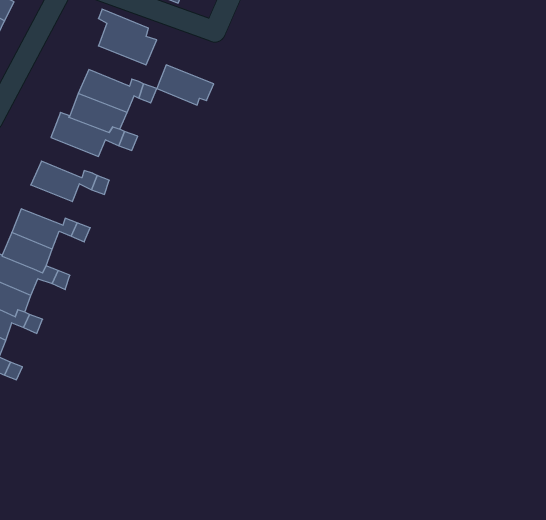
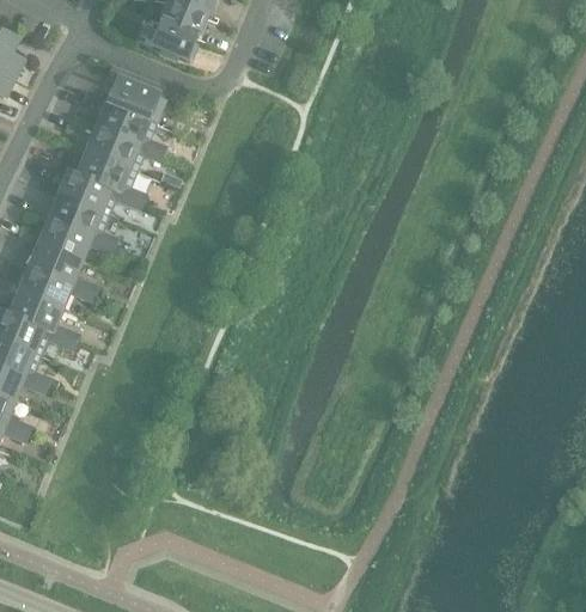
building: [157,65,214,105] -> [97,103,154,143]
building: none -> [49,195,106,235]
building: none -> [29,243,80,283]

